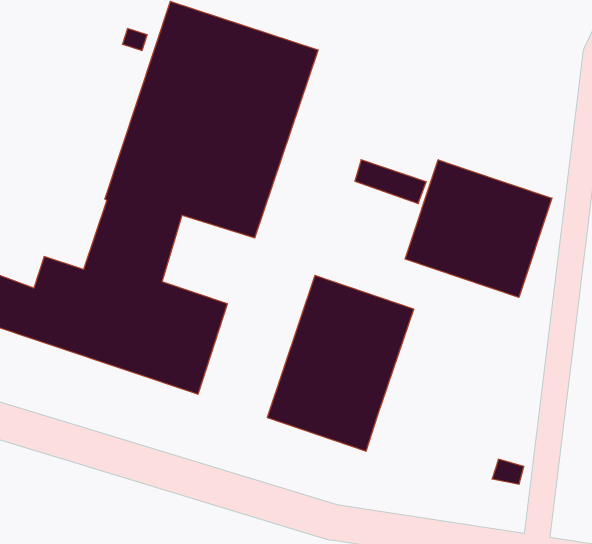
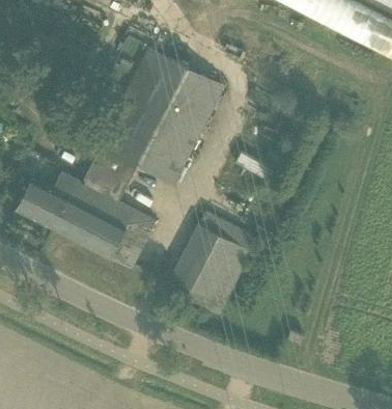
building: [405,160,552,297] -> none

